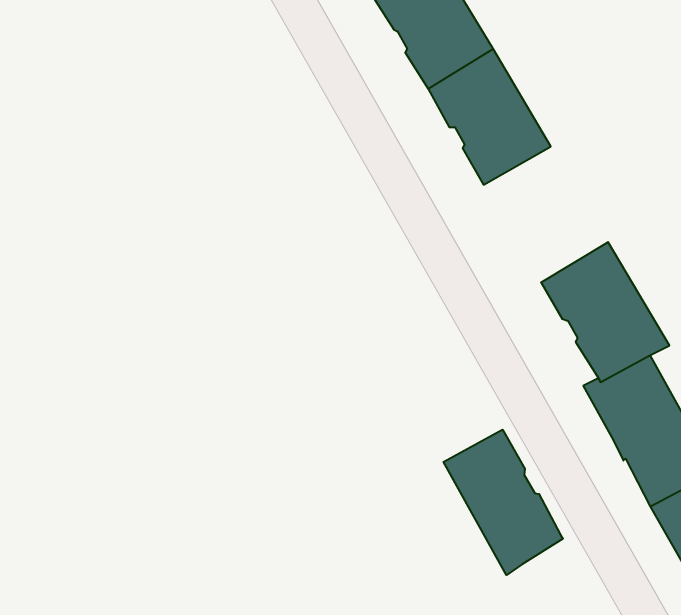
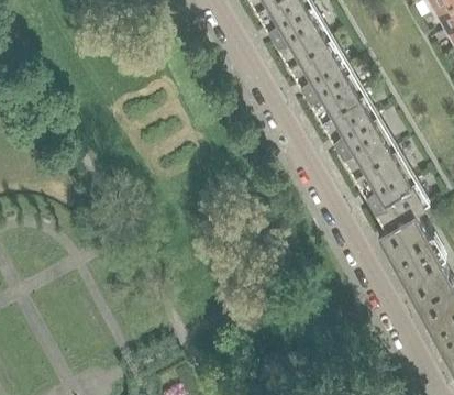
building: none -> [321,91,392,169]
building: [443,430,563,575] -> none

